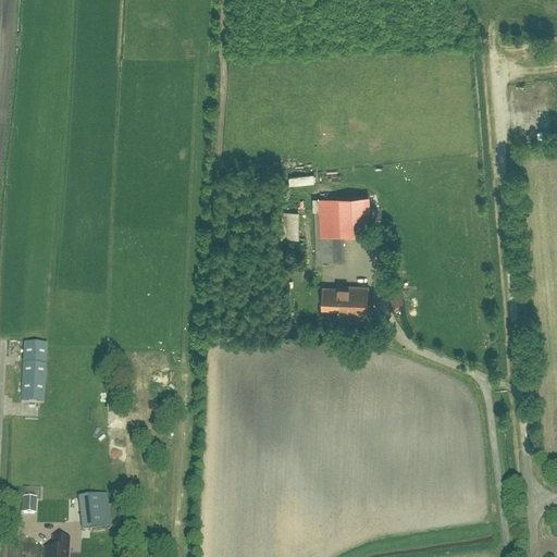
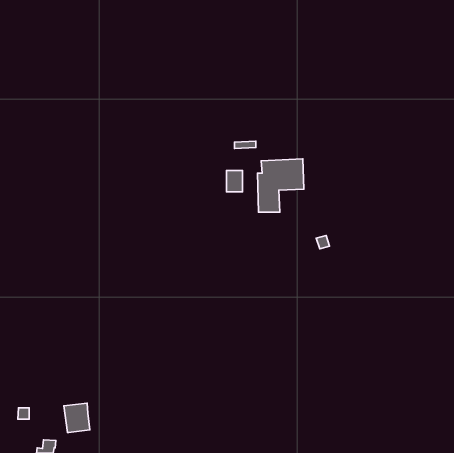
building: [322,286,369,311] -> none
building: [21,344,47,404] -> none

